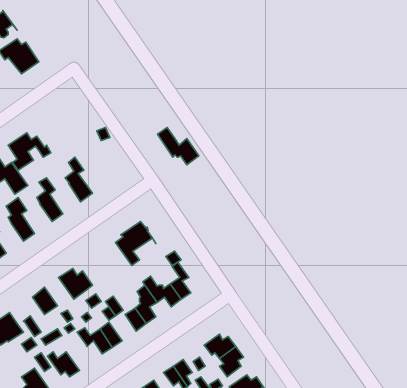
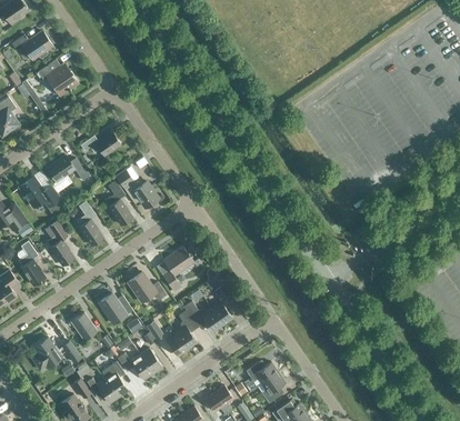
building: none -> [80,132,120,156]
building: [157,128,199,165] -> [116,170,158,208]
building: none -> [128,272,167,302]
building: none -> [101,361,128,397]

